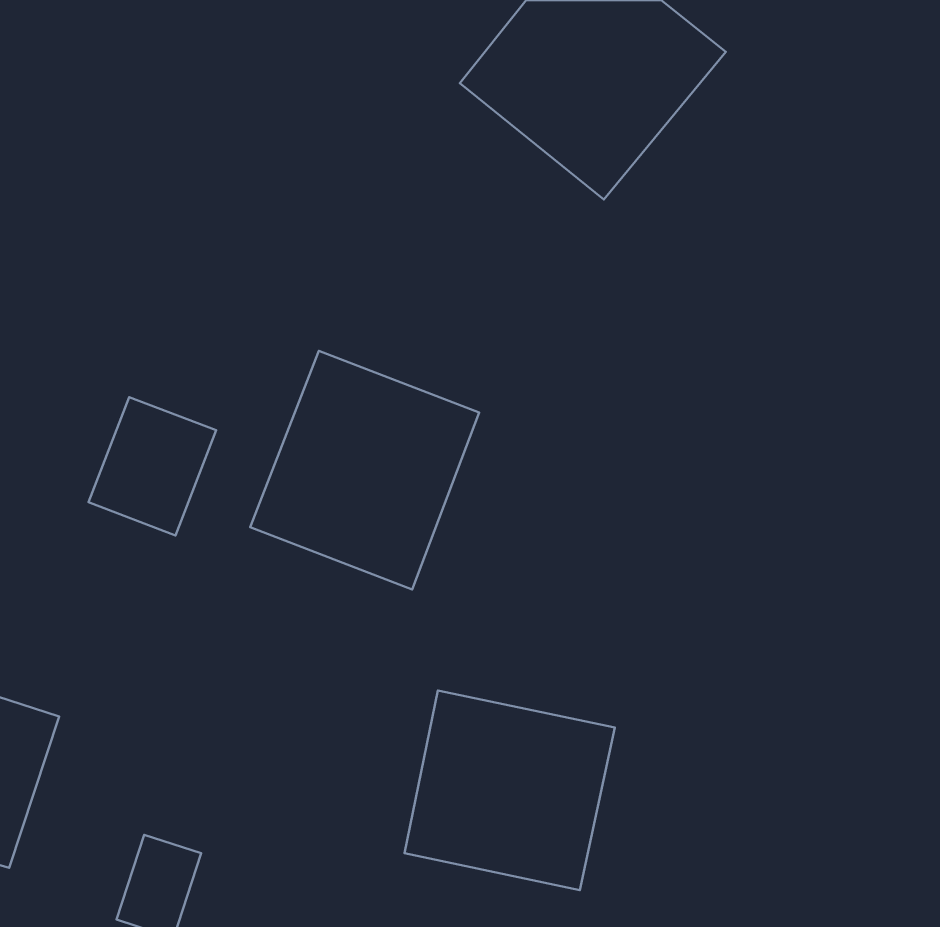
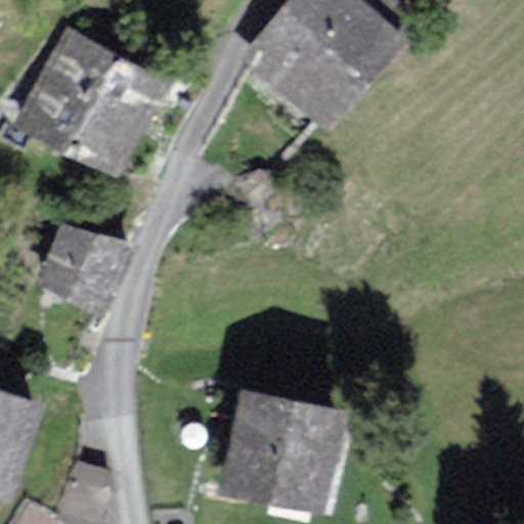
building: none -> [25,39,162,171]
building: [250,351,479,590] -> none

